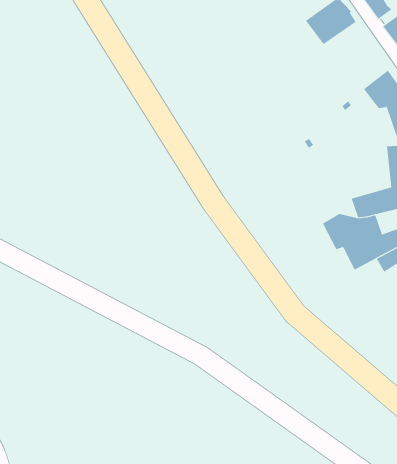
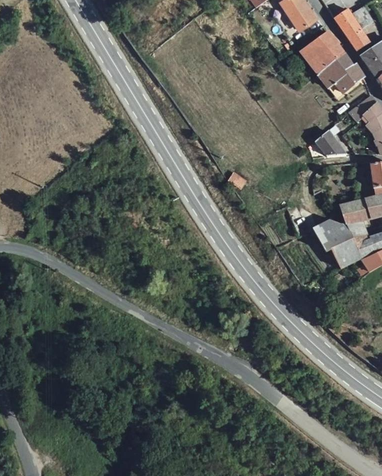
building: none -> [315,52,364,95]
building: none -> [313,129,346,156]

